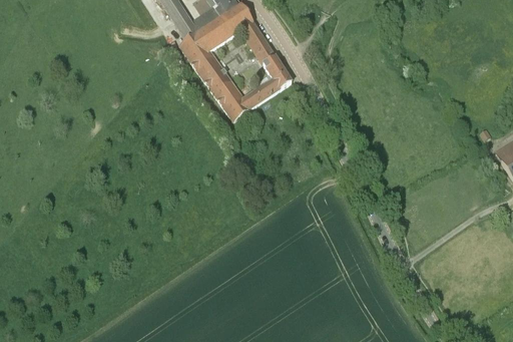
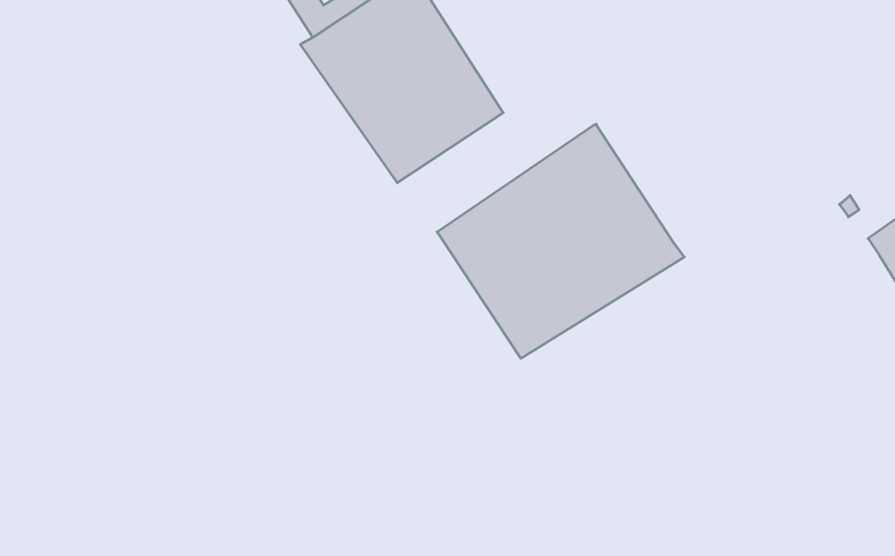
building: none -> [437,124,684,358]

